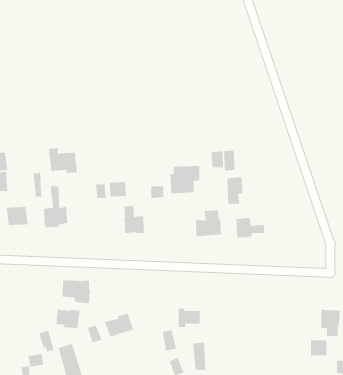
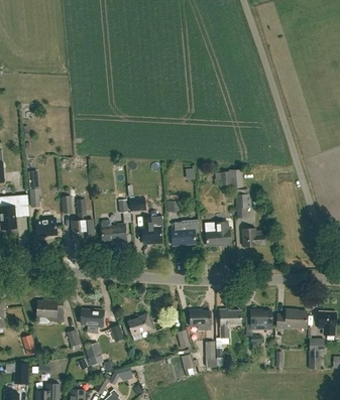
building: [48,148,78,174] -> [100,220,126,243]
building: [170,165,200,194] -> [172,221,199,246]
building: [61,280,91,304] -> [36,300,63,321]
building: none -> [276,308,306,327]
building: none -> [221,309,240,338]
building: none -> [250,309,270,329]

